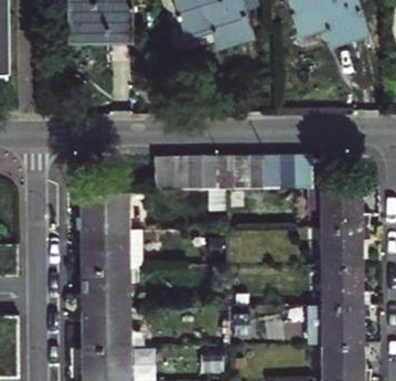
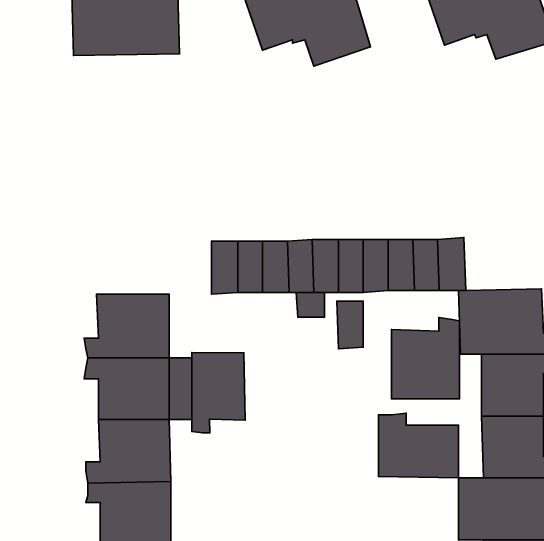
building: none -> [392,318,459,399]
building: none -> [192,352,245,433]
building: none -> [379,413,459,478]

